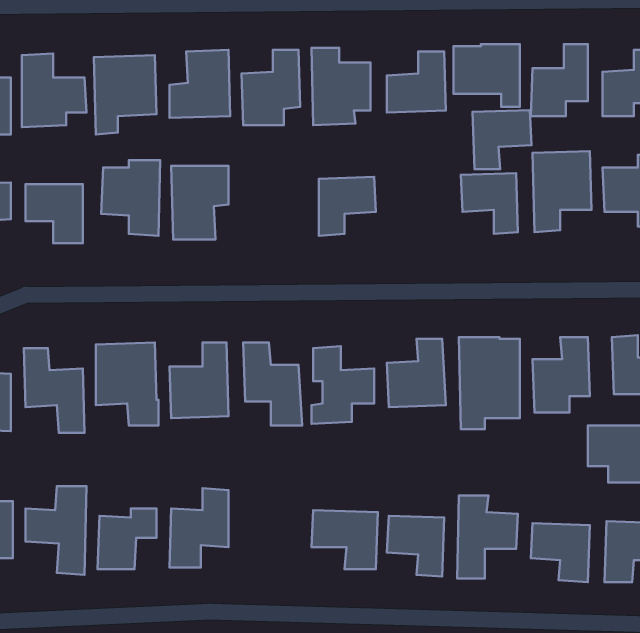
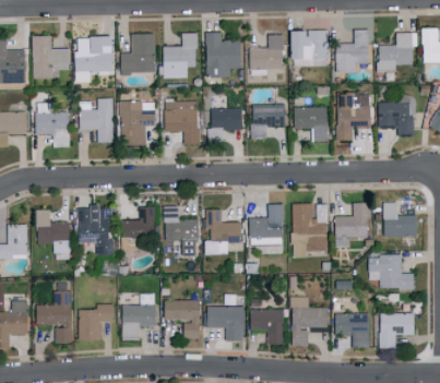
building: [473,110,532,169] -> [251,104,286,139]
building: none -> [165,100,200,144]
building: none -> [164,299,201,339]

